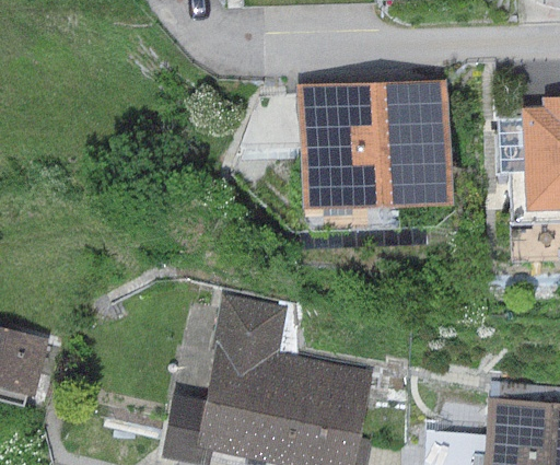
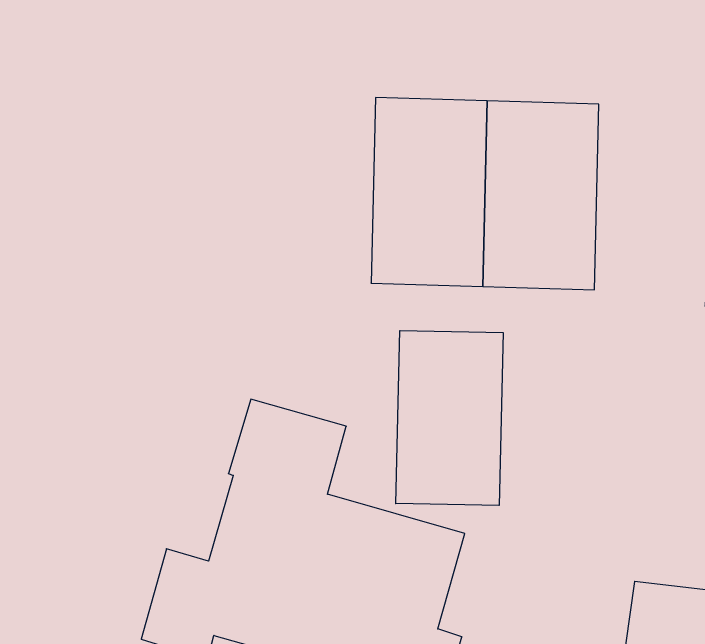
building: none -> [396,331,503,505]

